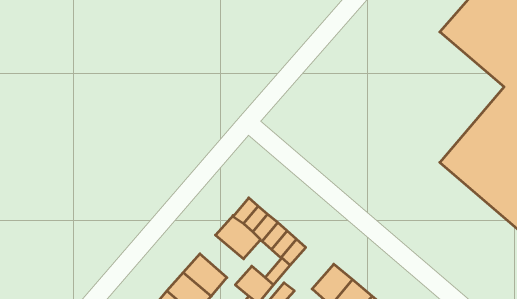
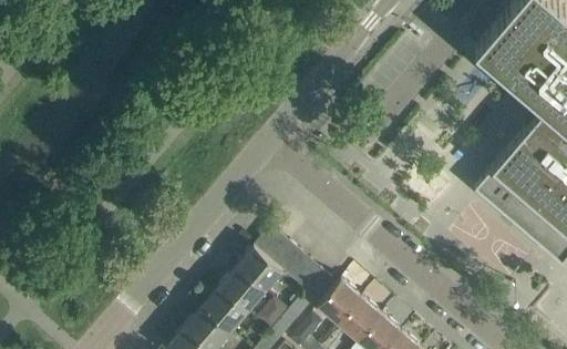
building: none -> [218,267,265,312]
building: none -> [317,279,361,325]

